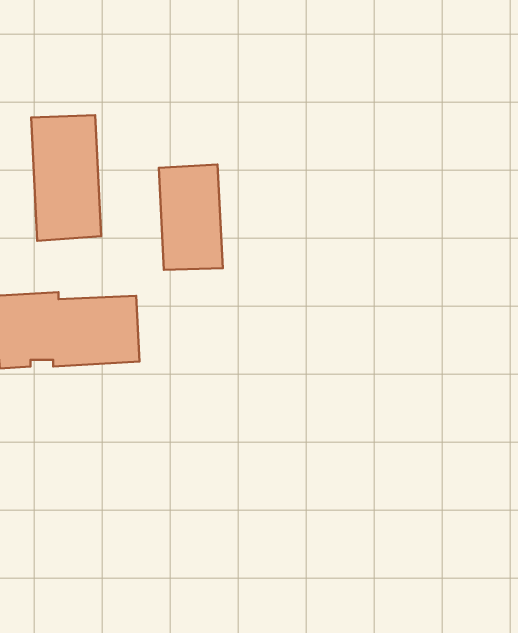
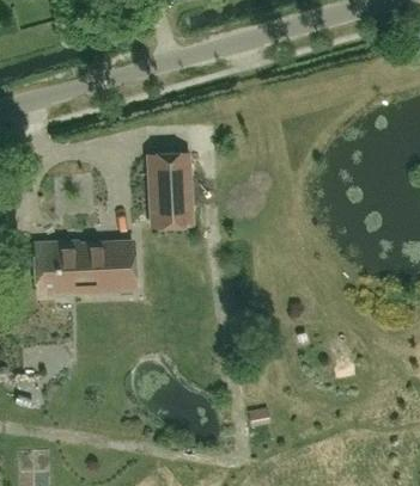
building: [31,115,101,241] -> none

